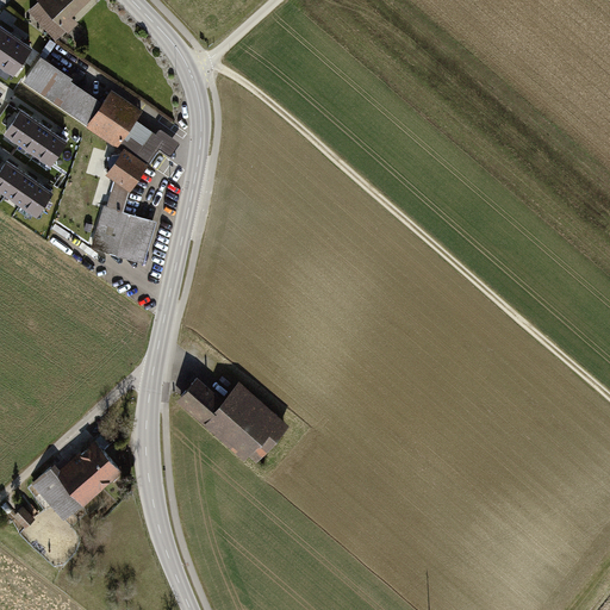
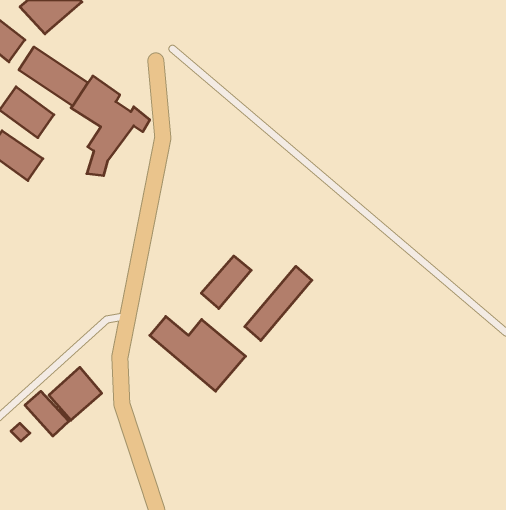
building: [92,207,156,266] -> none
building: none -> [201,256,251,309]
building: none -> [245,266,312,341]

